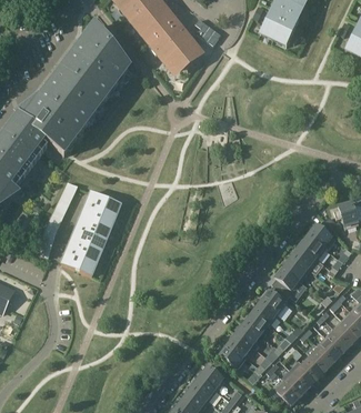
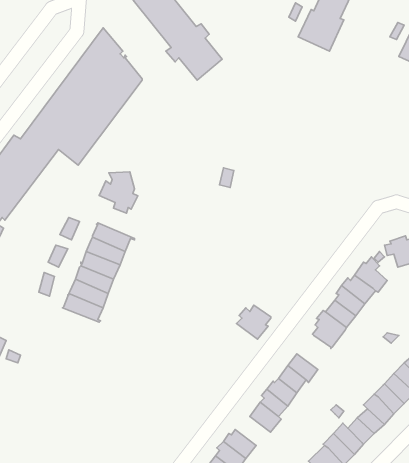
building: none -> [99,172,138,213]
building: [259,285,288,314] -> [237,305,271,339]

